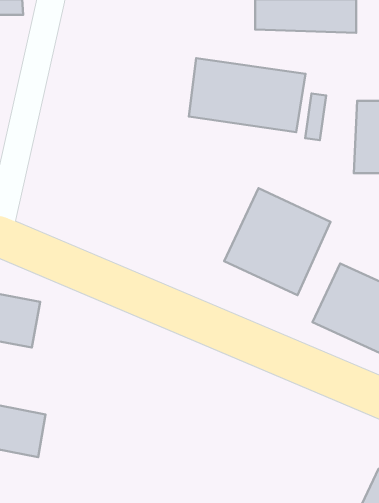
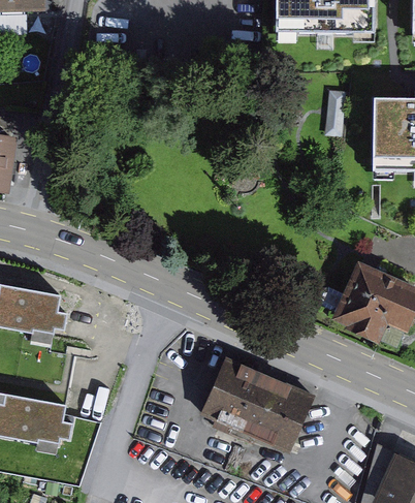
building: [189,58,305,132] -> none
building: [224,188,331,295] -> none
building: none -> [209,358,318,449]

